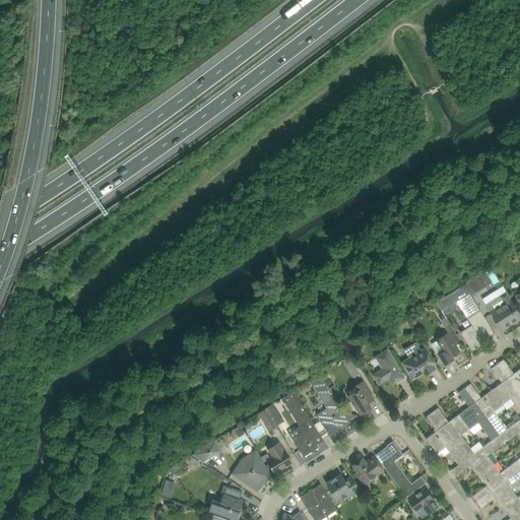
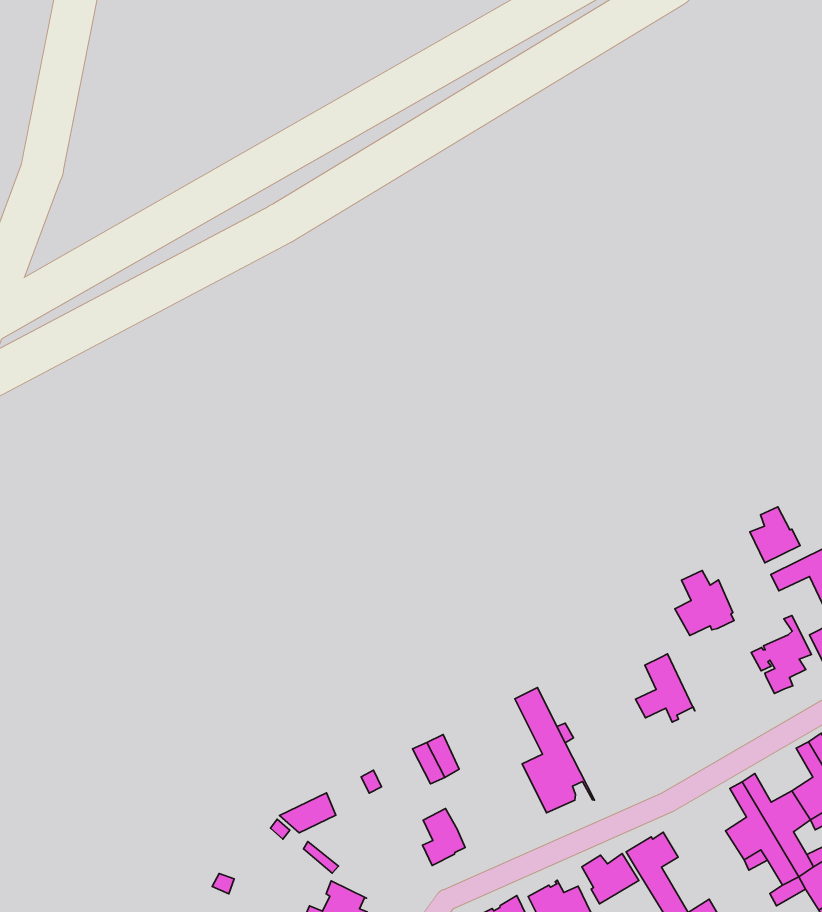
building: none -> [750,507,800,563]
building: [403,344,435,379] -> [675,571,734,635]
building: [348,381,373,414] -> none
building: [281,391,322,457] -> none
building: [231,450,270,490] -> none

